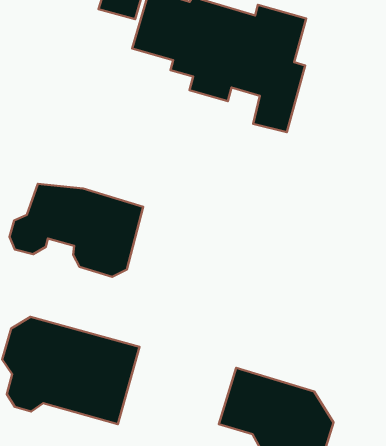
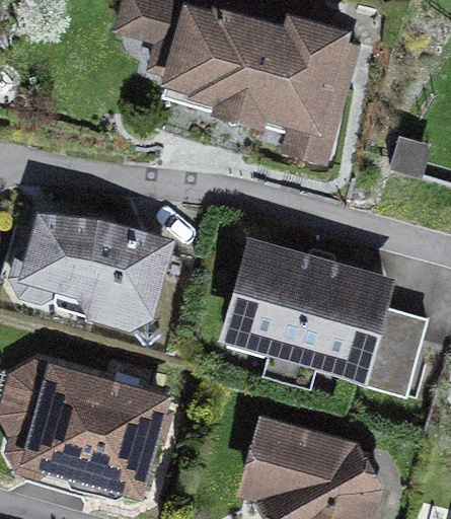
building: none -> [228,246,427,384]

